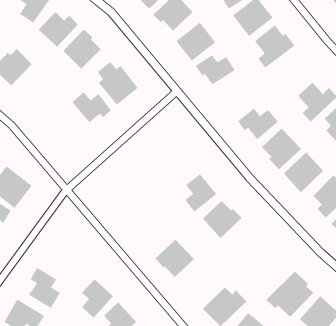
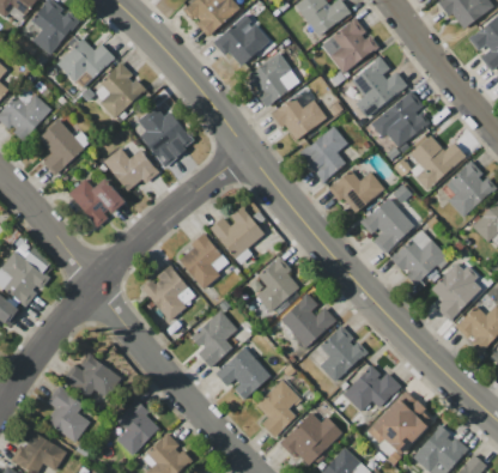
building: none -> [370,92,430,146]
building: none -> [38,120,84,175]
building: none -> [300,126,347,181]
building: none -> [67,178,124,226]
building: none -> [209,206,265,259]
building: none -> [176,235,230,287]
building: none -> [141,265,195,320]
building: none -> [190,309,237,366]
building: none -> [317,326,365,382]
building: none -> [62,353,120,398]
building: none -> [342,364,401,411]
building: none -> [255,380,300,438]

